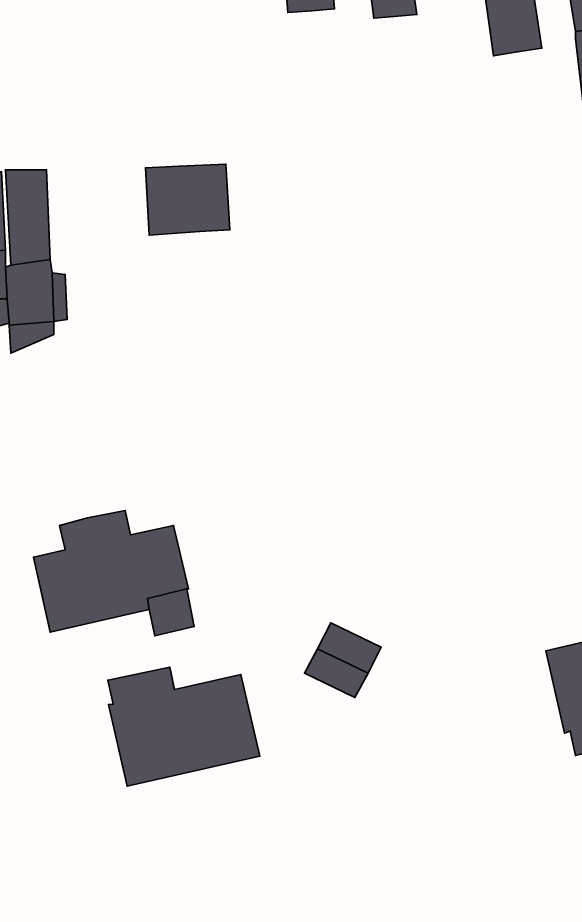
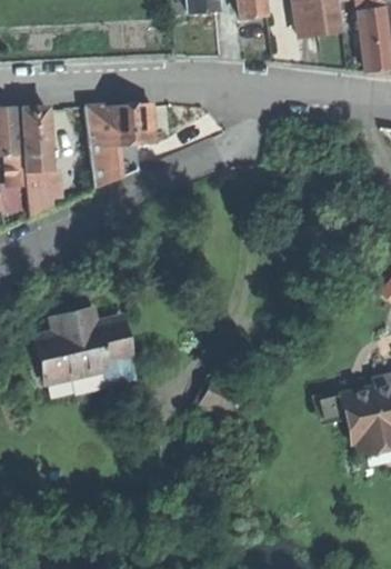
building: none -> [84,107,138,187]
building: [108,667,260,786] -> none

